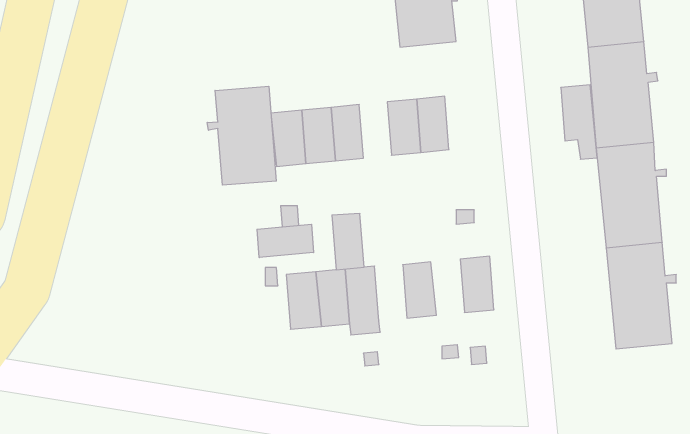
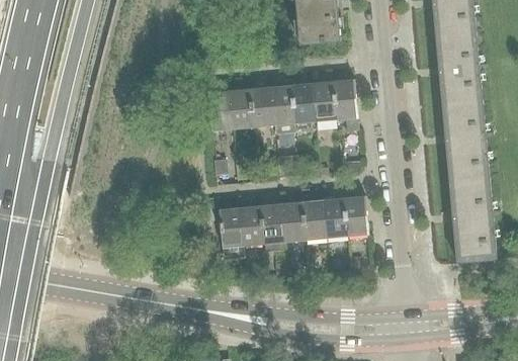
building: [561,85,597,159] -> [333,79,359,132]
building: [207,86,276,185] -> none
building: none -> [271,85,294,125]
building: [332,214,364,270] -> [282,202,306,243]
building: [257,224,314,258] -> none
building: none -> [323,198,347,239]

